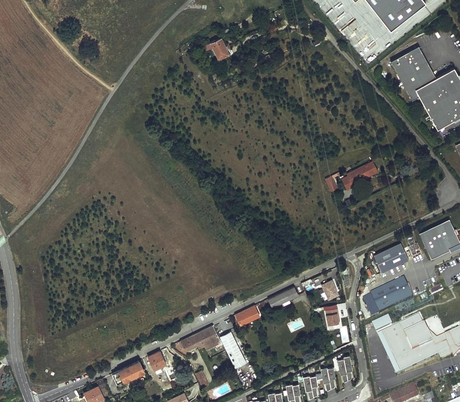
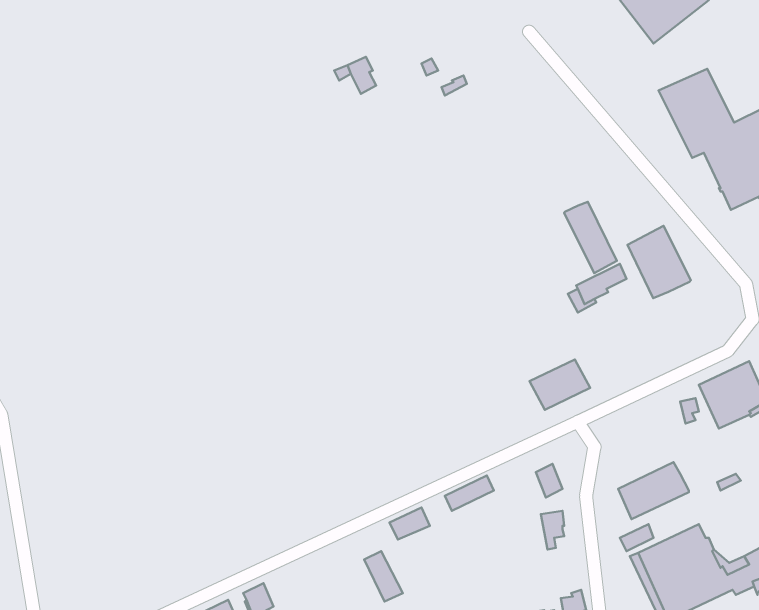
building: none -> [564,202,617,273]
building: none -> [627,226,691,298]
building: [373,242,409,272] -> [530,359,590,410]
building: [181,325,221,350] -> none

